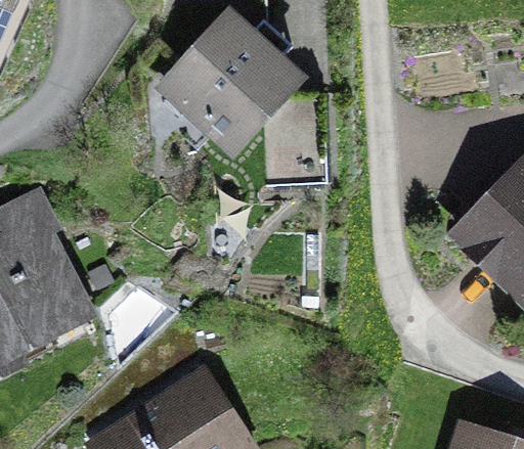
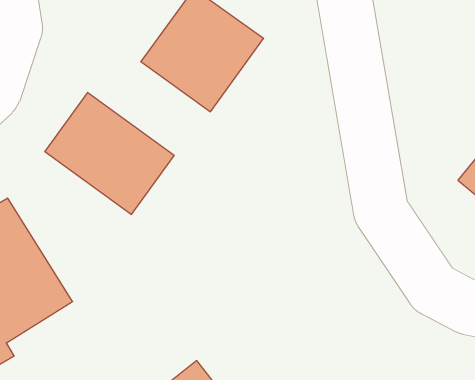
building: none -> [45,92,174,215]

